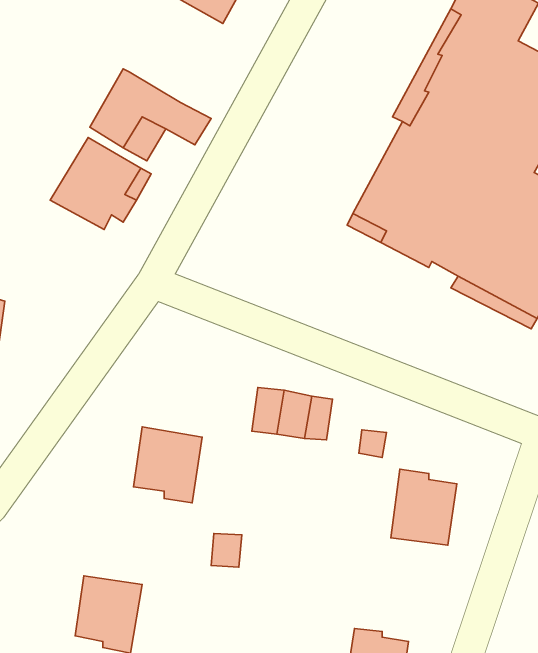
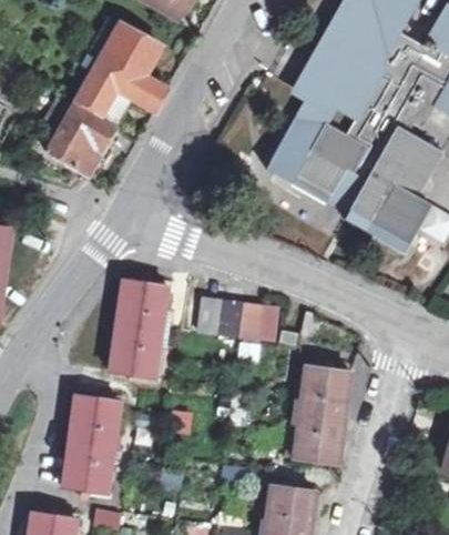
building: none -> [103,27,159,80]
building: none -> [113,279,166,334]
building: none -> [69,392,121,446]
building: none -> [295,411,345,466]

